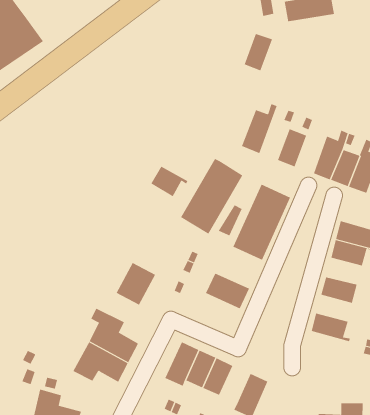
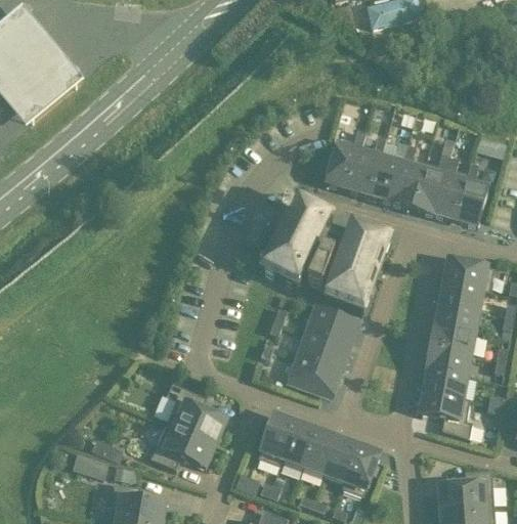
building: [244,16,273,71] -> [348,131,380,194]
building: none -> [390,144,424,207]
building: [150,166,188,197] -> none
building: none -> [306,306,357,346]
building: none -> [435,303,477,332]
building: [116,262,156,306] -> none
building: none -> [288,355,339,395]
building: none -> [427,347,469,376]
building: none -> [419,390,472,435]
building: none -> [322,437,356,481]

